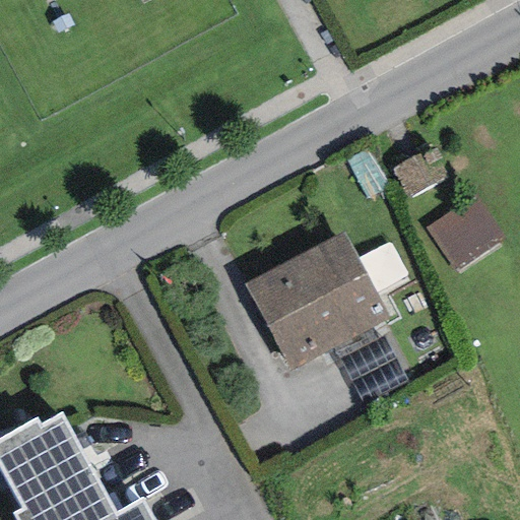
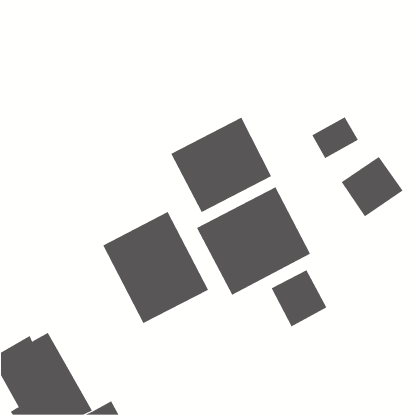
building: none -> [171,117,272,213]
building: none -> [103,211,209,324]

